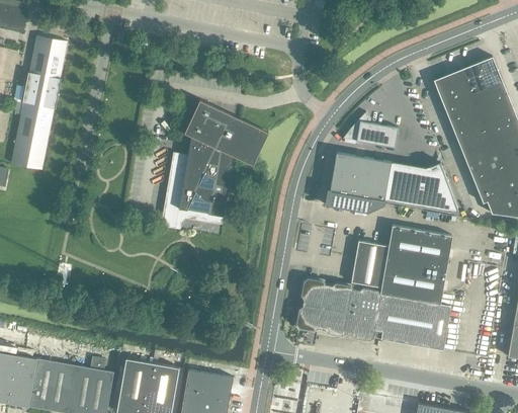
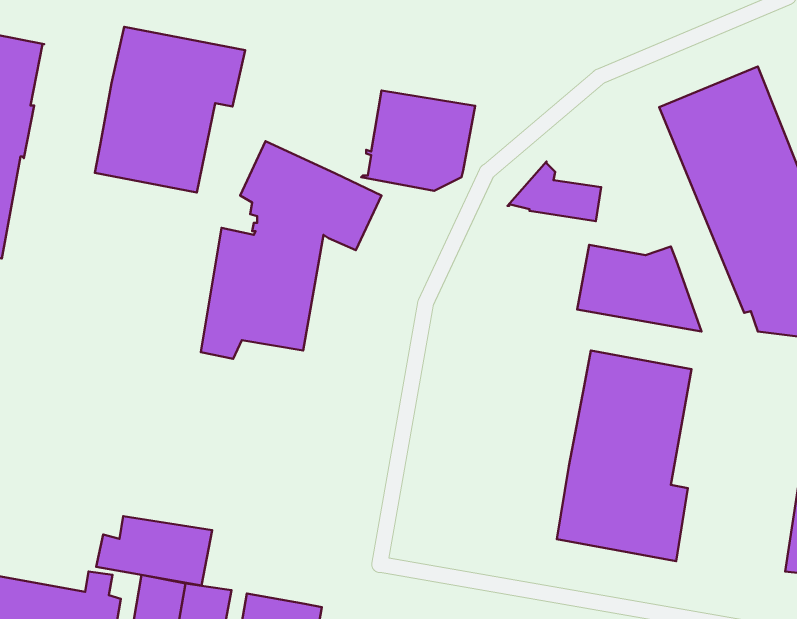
building: none -> [95,27,245,193]
building: [324,153,392,213] -> [361,90,475,191]
building: [298,241,388,337] -> none
building: none -> [96,516,212,585]

